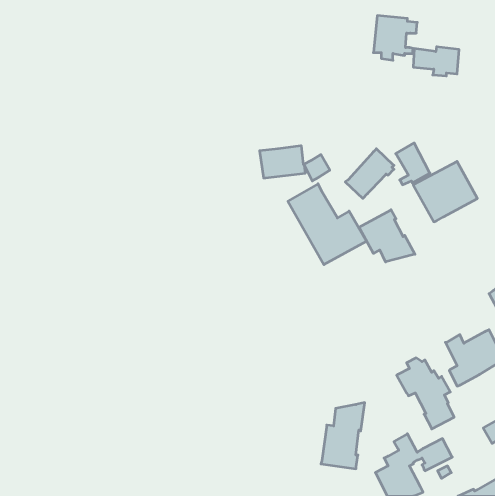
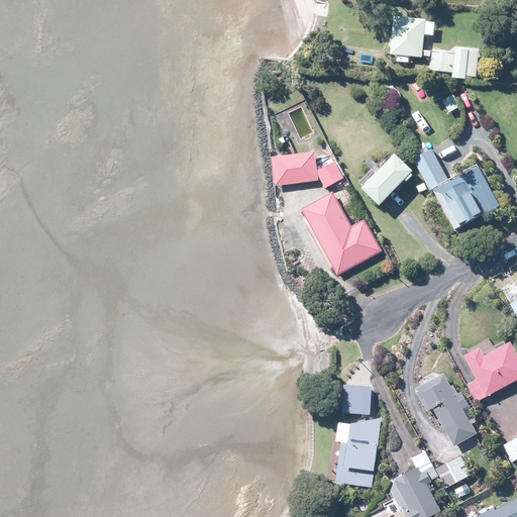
building: [359,210,415,262] -> none
building: none -> [343,386,372,414]

